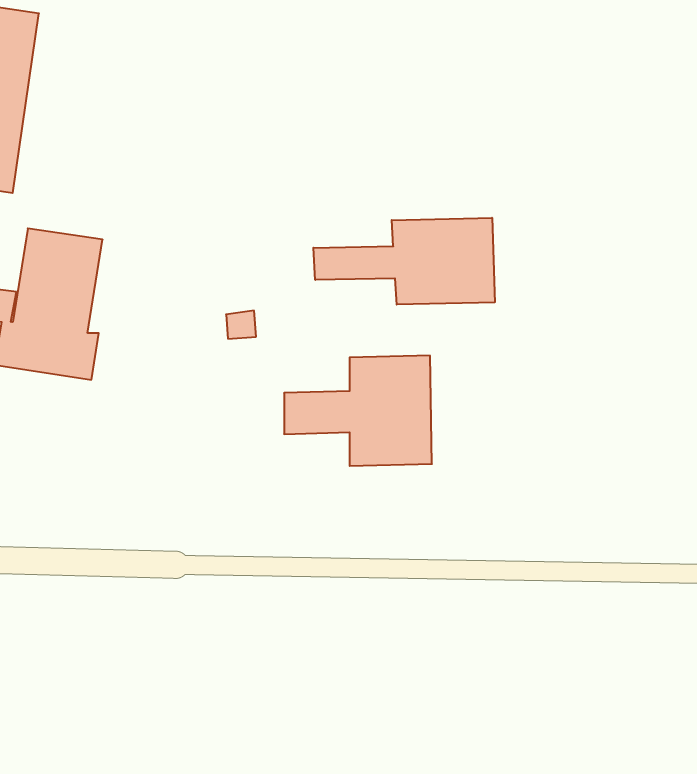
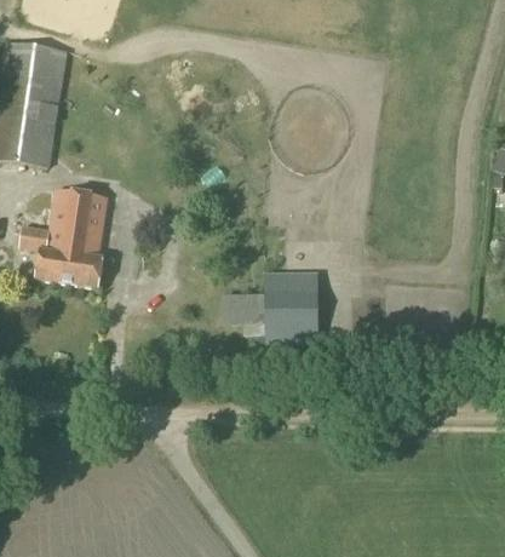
building: [313,218,495,305] -> none

